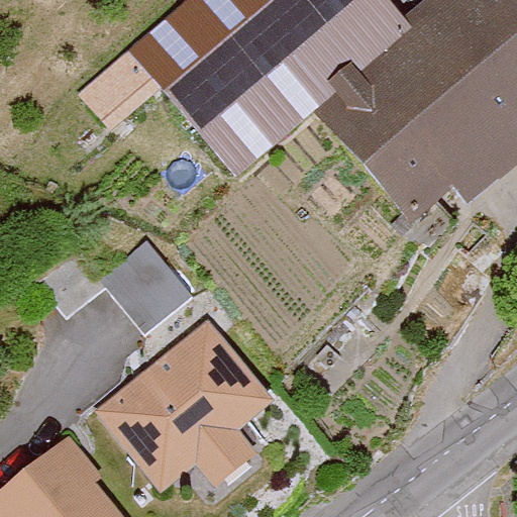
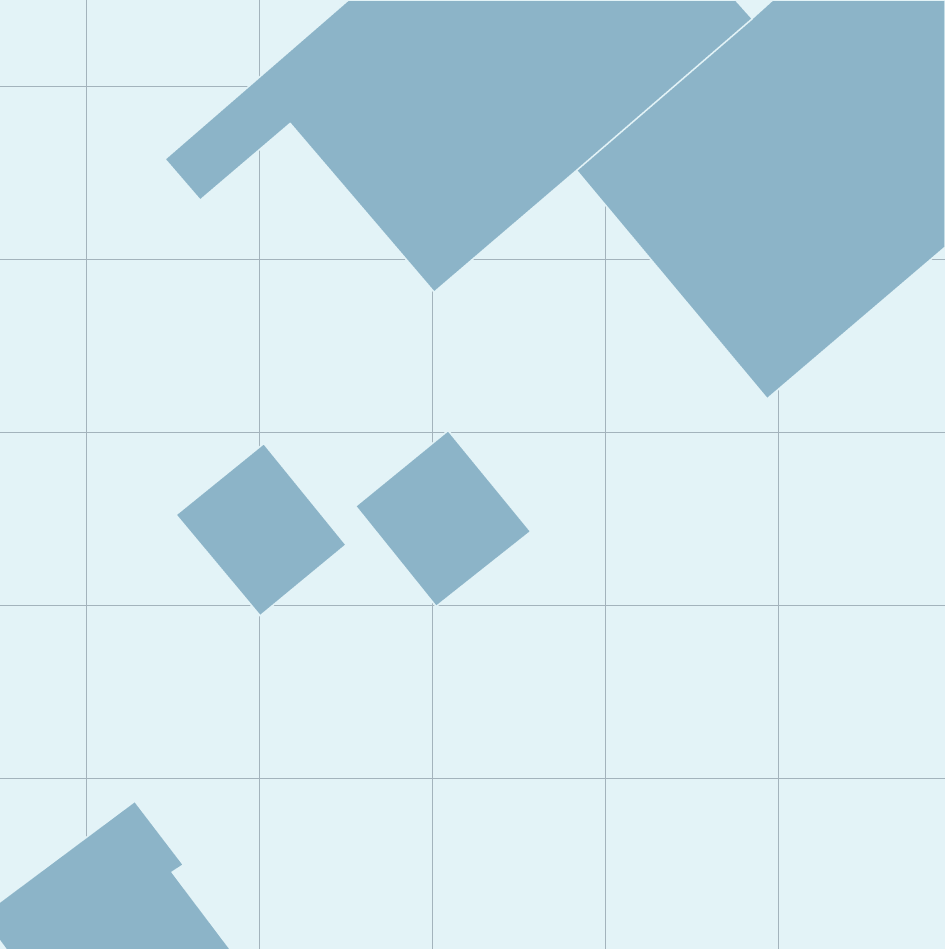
building: none -> [355,431,531,606]
building: [109,326,271,481] -> none

